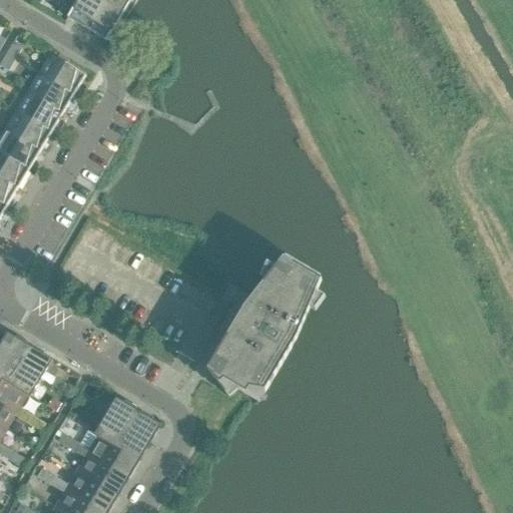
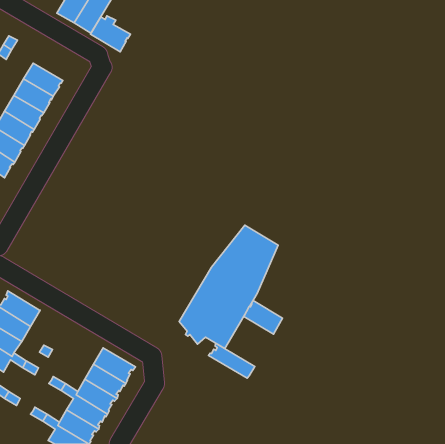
building: [38,51,84,92] -> [90,16,131,52]
building: none -> [244,301,283,334]
building: none -> [208,343,255,378]

